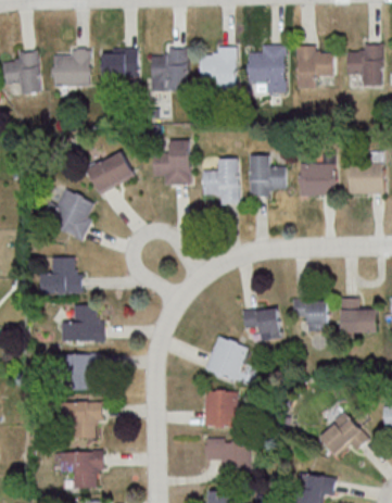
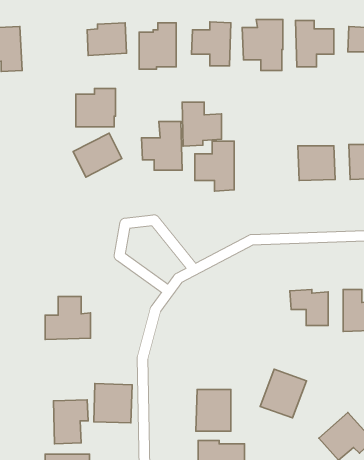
building: [52,50,89,86] -> [76,88,115,127]
building: [249,155,286,197] -> [182,102,221,146]
building: [43,189,94,241] -> none
building: [40,256,83,293] -> none
building: [243,307,281,343] -> none
building: [204,336,248,381] -> [260,369,307,418]
building: [64,353,100,390] -> [94,384,132,423]

